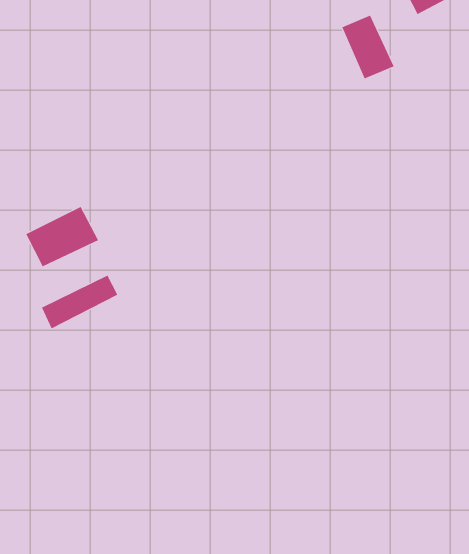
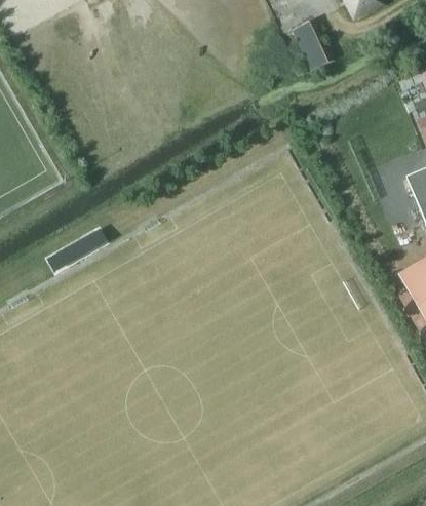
building: [25,206,99,267] -> none

